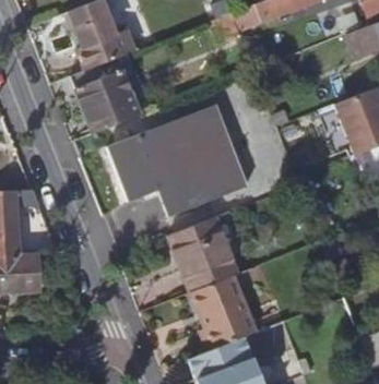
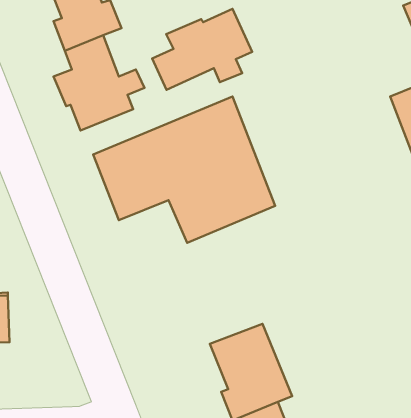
building: none -> [152,9,252,90]
building: [176,217,241,292] -> none

